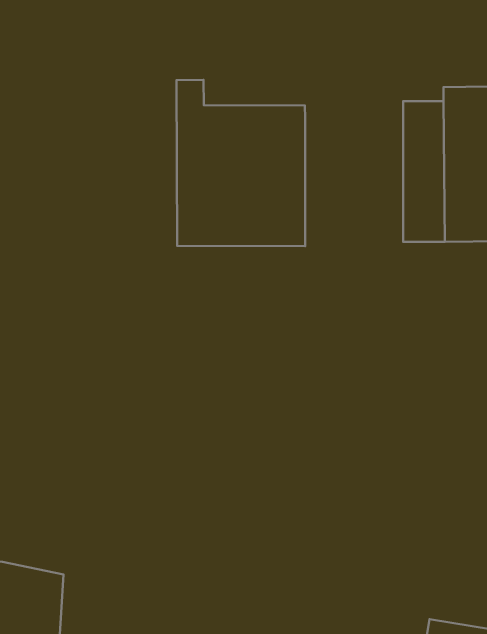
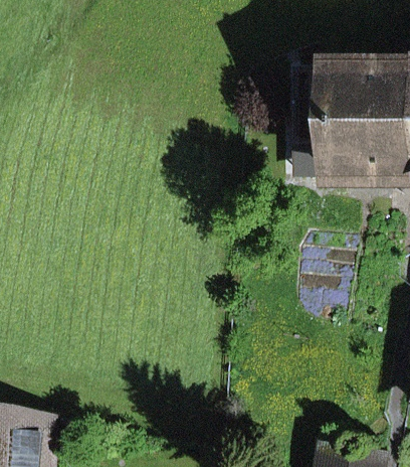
building: [177,80,305,246] -> none

